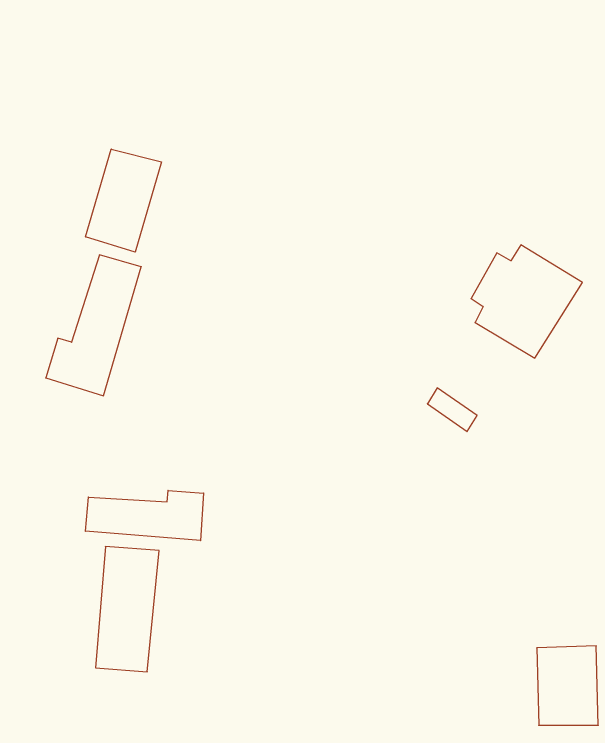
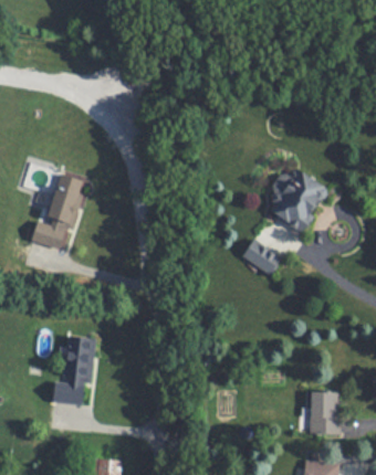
building: [86,149,161,252] -> none
building: [85,490,204,541] -> none

